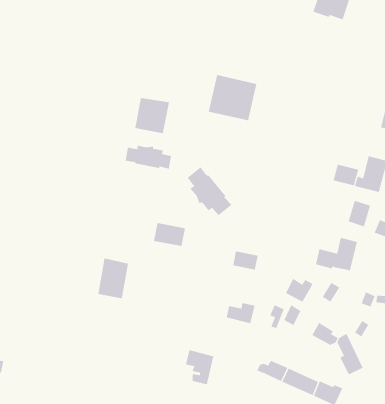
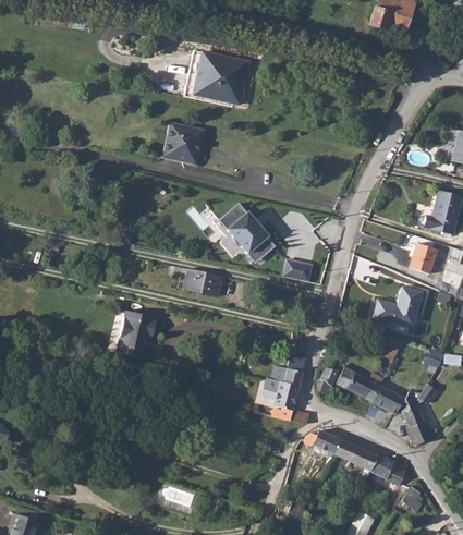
building: [208,74,257,121] -> [193,50,251,105]
building: [125,145,171,170] -> none
building: [333,164,359,186] -> none
building: [232,251,258,270] -> [282,259,313,282]
building: [285,278,313,303] -> [348,373,380,401]
building: [185,350,214,385] -> [264,380,297,422]

